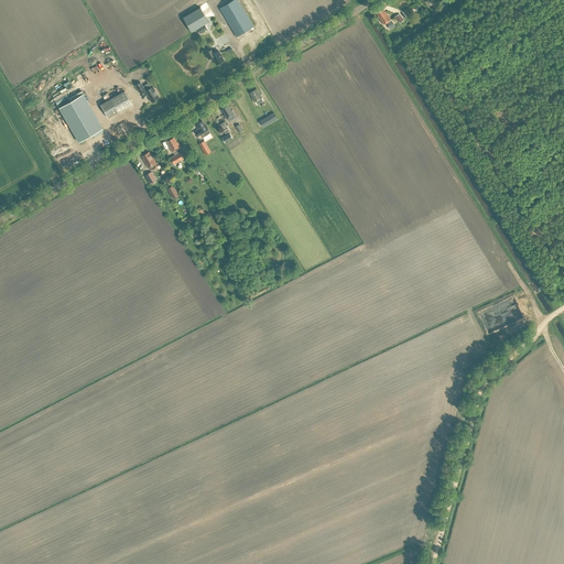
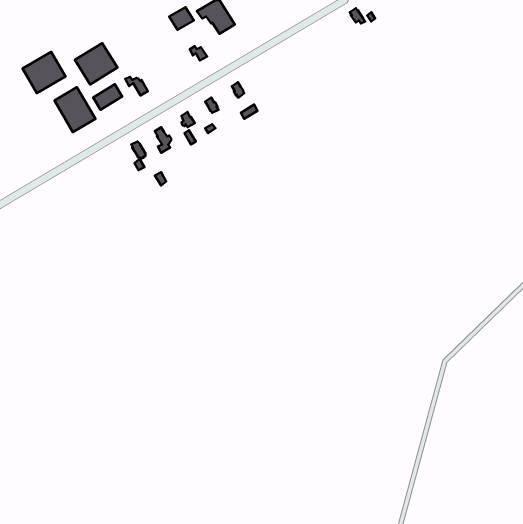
building: none -> [75,43,117,84]
building: none -> [22,52,65,93]

